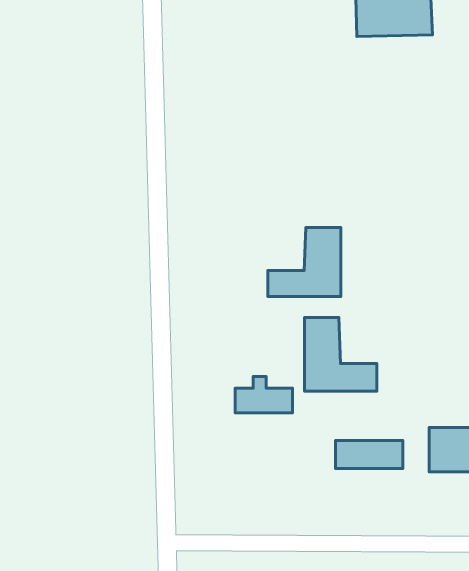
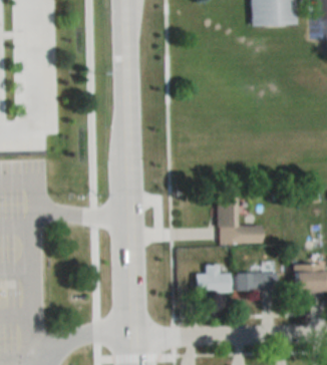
building: [268,228,341,296] -> none
building: [235,377,293,413] -> [197,268,232,290]

